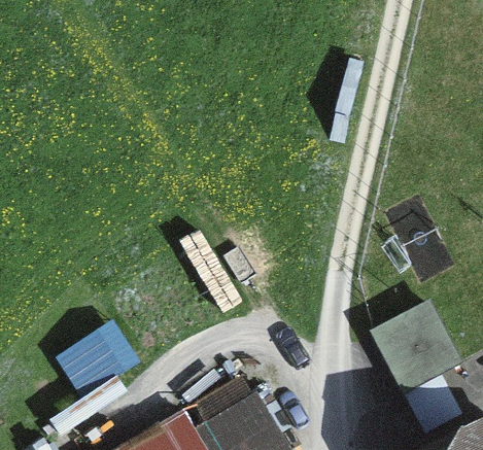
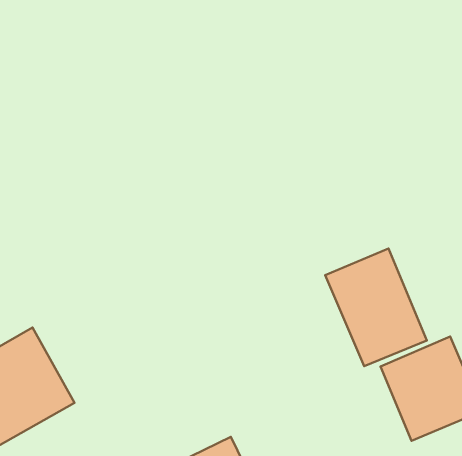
building: none -> [325,249,427,366]

